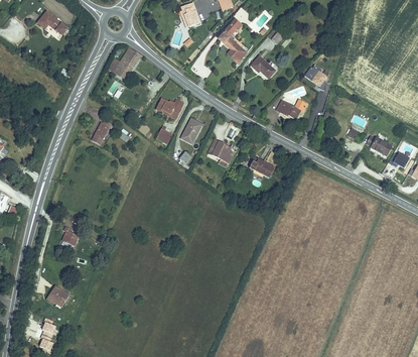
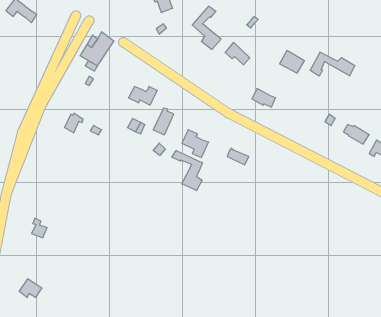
building: none -> [310,52,355,76]
building: none -> [172,150,202,191]

